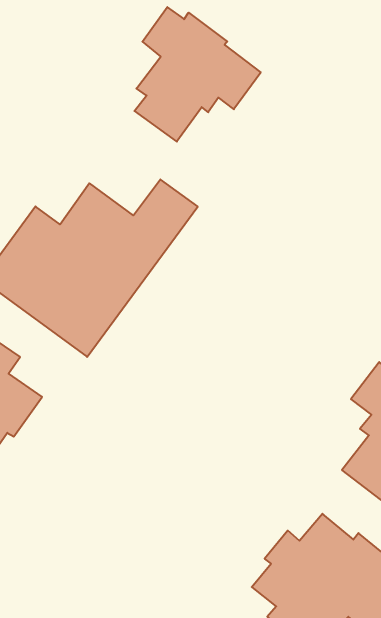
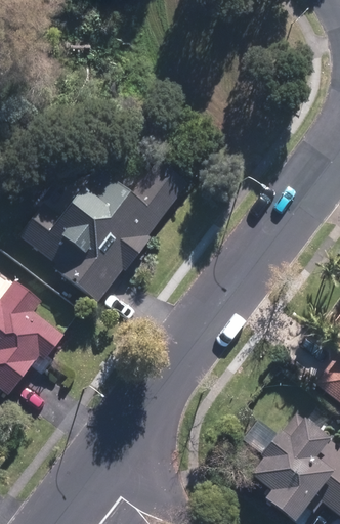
building: [134,7,261,142] -> none

